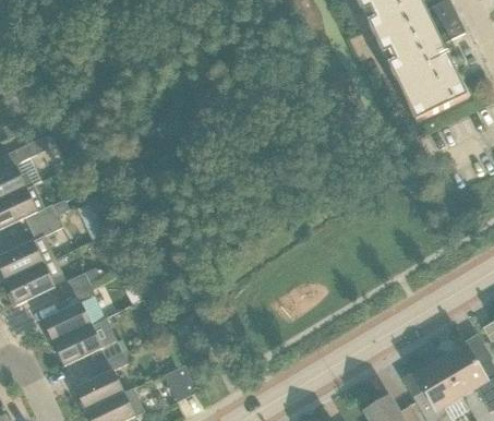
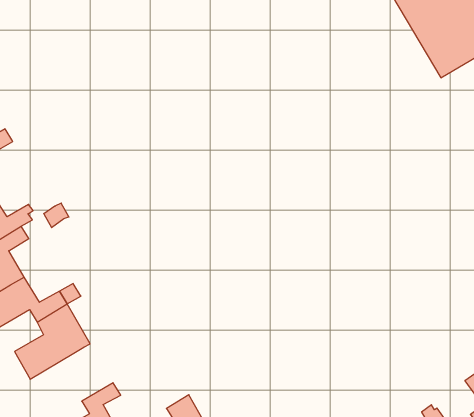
building: [53,320,122,365] -> none

